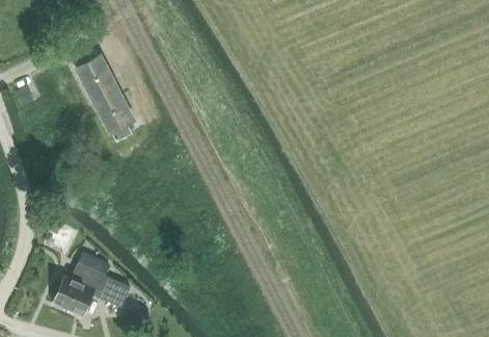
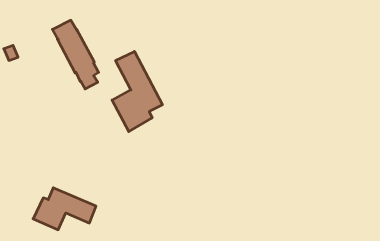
building: none -> [112,51,162,132]

